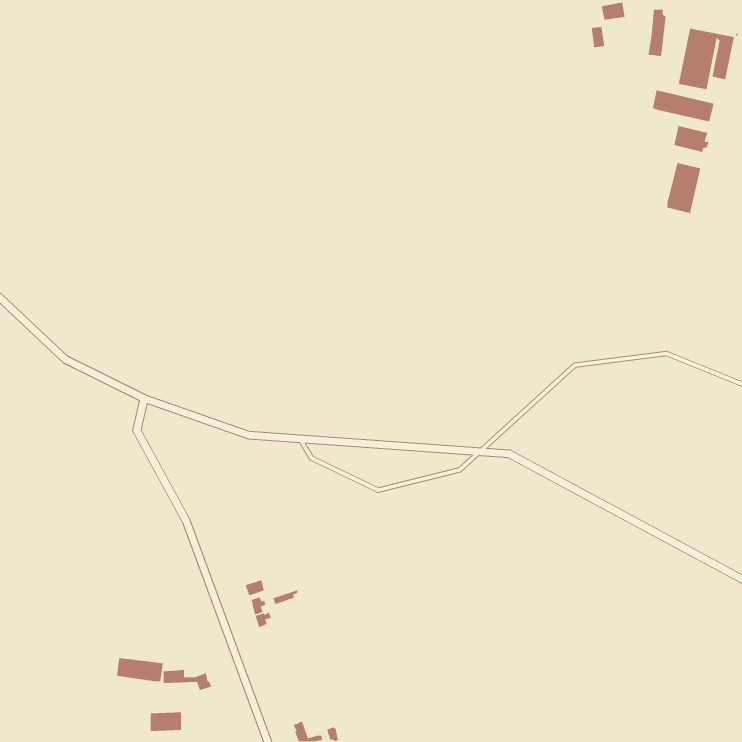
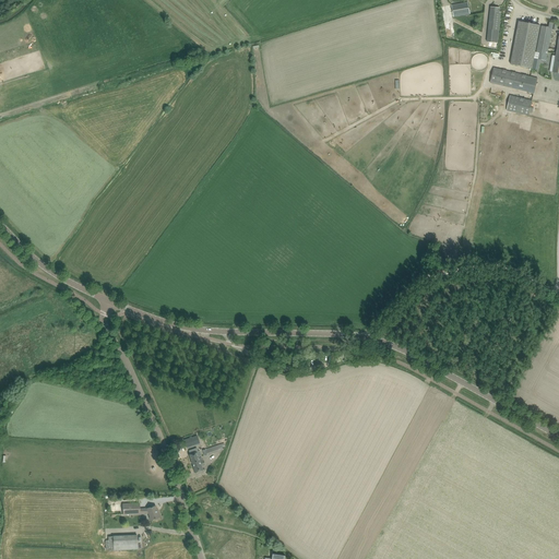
building: [666,162,701,214] -> none
building: [116,657,164,683] -> none

